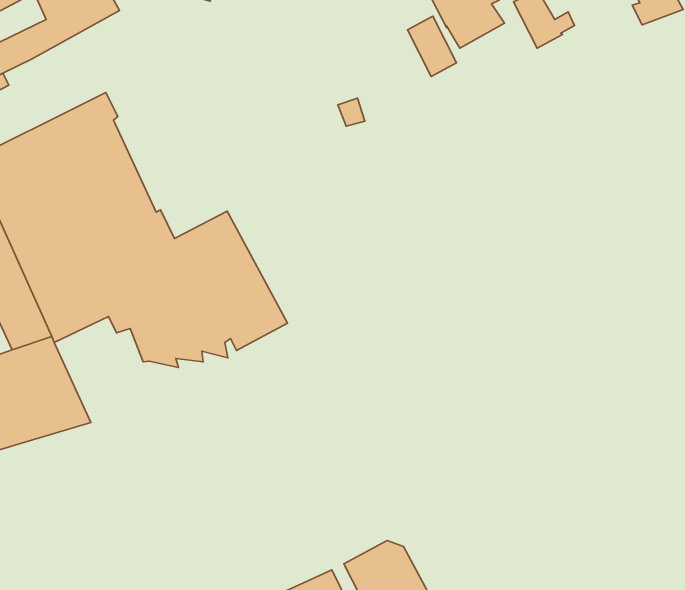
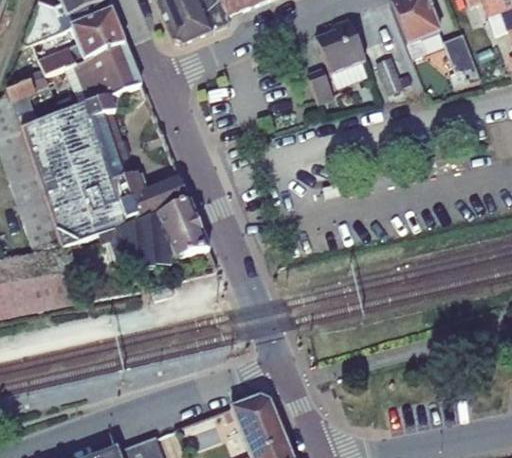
building: none -> [66,41,141,103]

